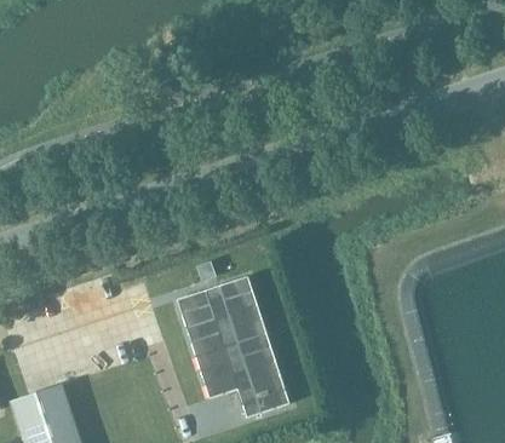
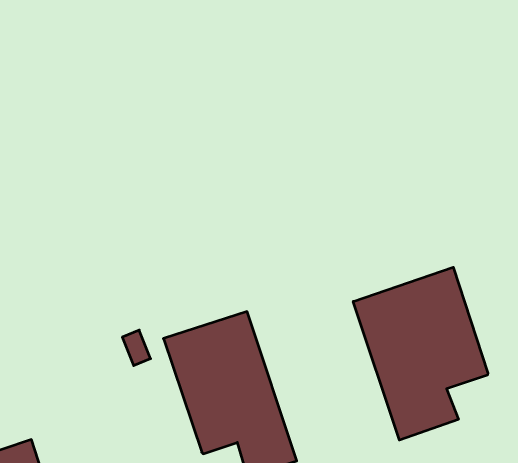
building: none -> [353,267,488,440]

